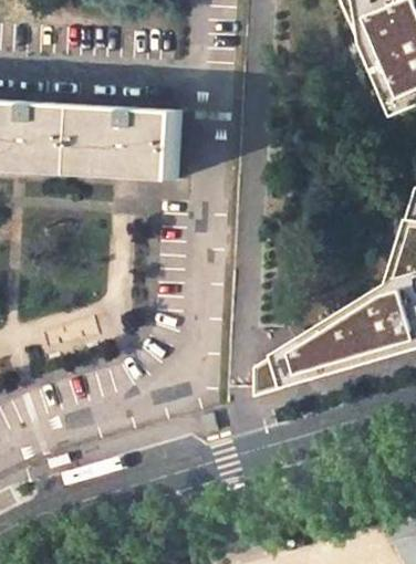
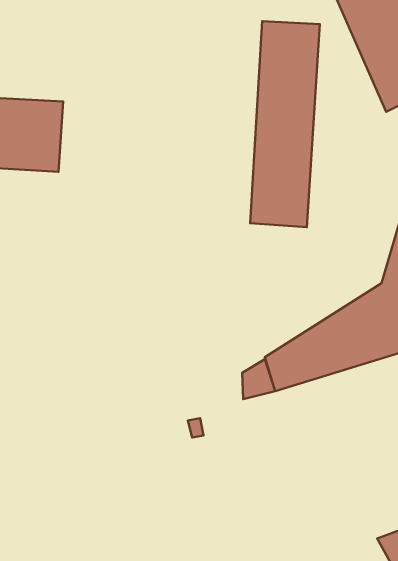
building: none -> [250,21,320,227]
building: [76,105,181,179] -> none

